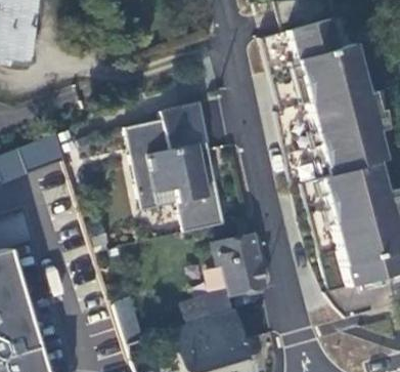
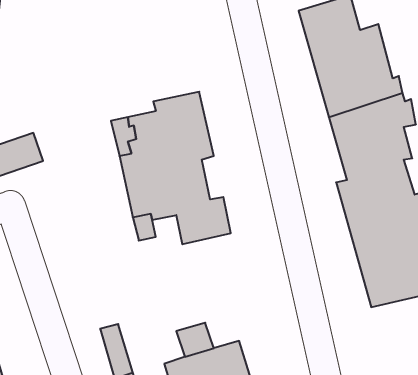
building: [219,231,268,293] -> none

